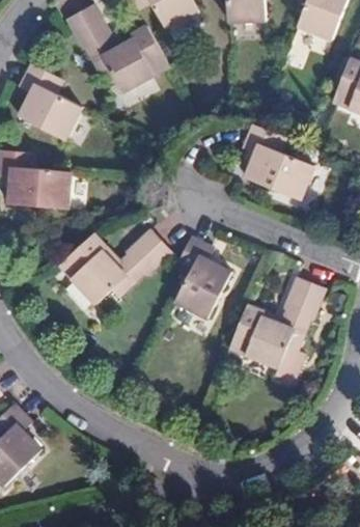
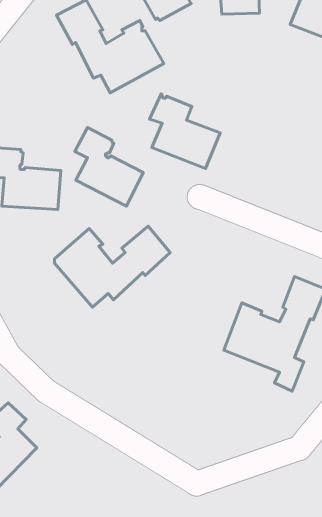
building: [18,64,85,142] -> [75,128,143,206]
building: [241,123,310,197] -> [150,94,220,168]
building: [171,238,231,321] -> none

